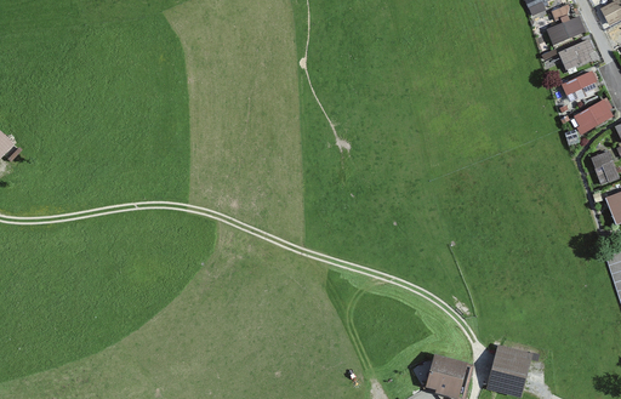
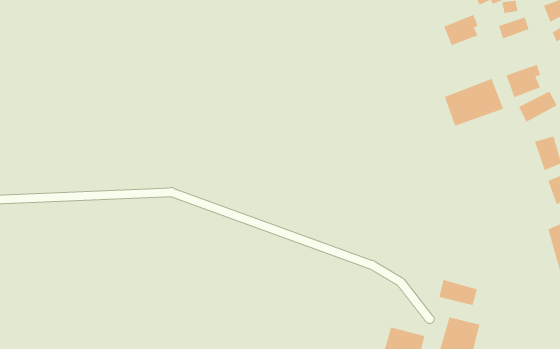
building: [556,40,593,74] -> [443,14,478,46]
building: none -> [444,78,504,127]
building: none -> [439,279,478,306]

